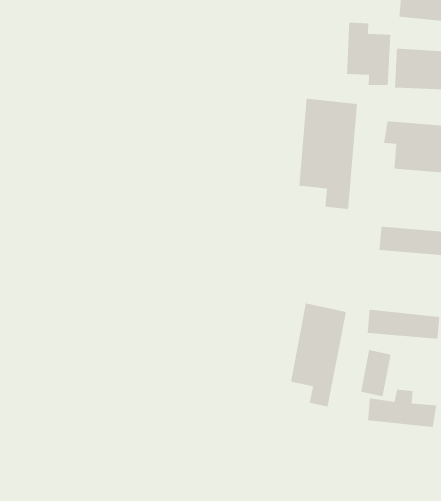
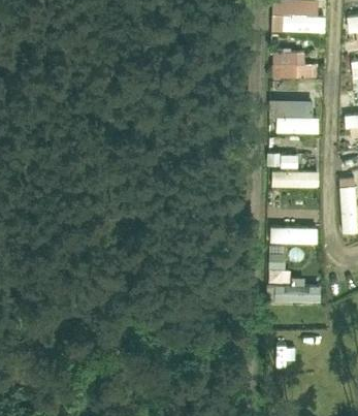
building: [346,22,391,86] -> none
building: [299,98,358,210] -> none
building: [290,302,347,407] -> none

